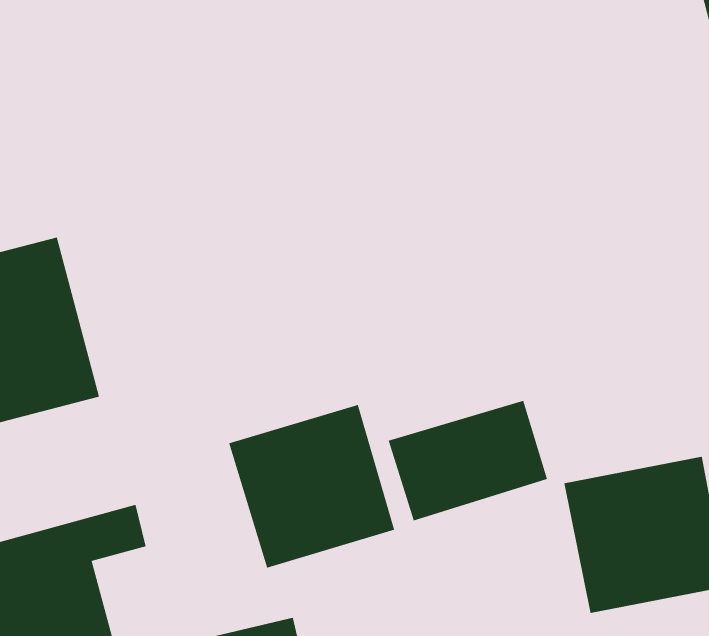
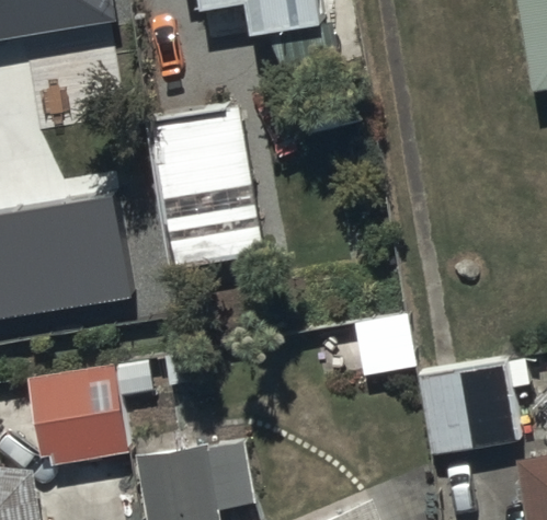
building: none -> [149,111,263,275]
building: [228,404,395,568] -> none

